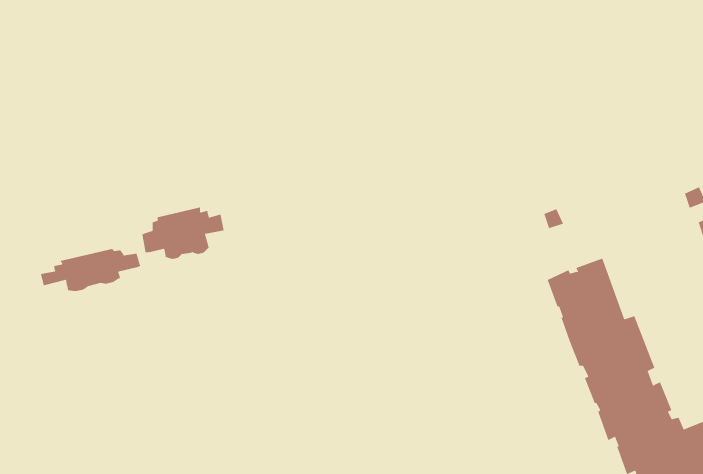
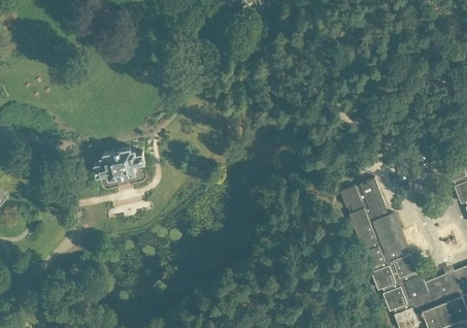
building: [40,248,141,292] -> none

